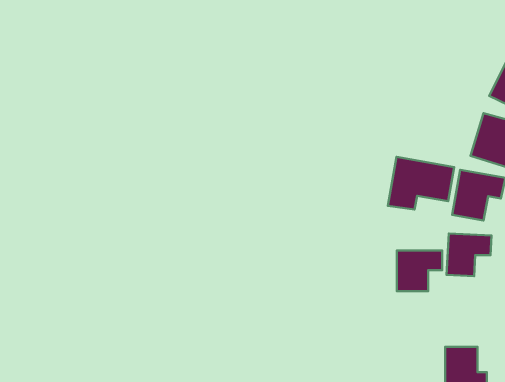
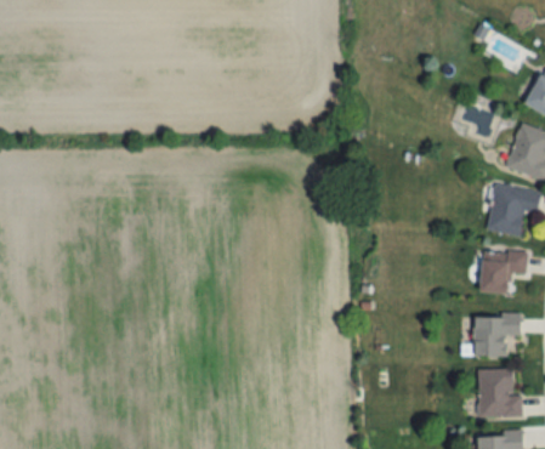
building: [388,157,454,210] -> none
building: [397,251,442,291] -> [473,313,521,356]

